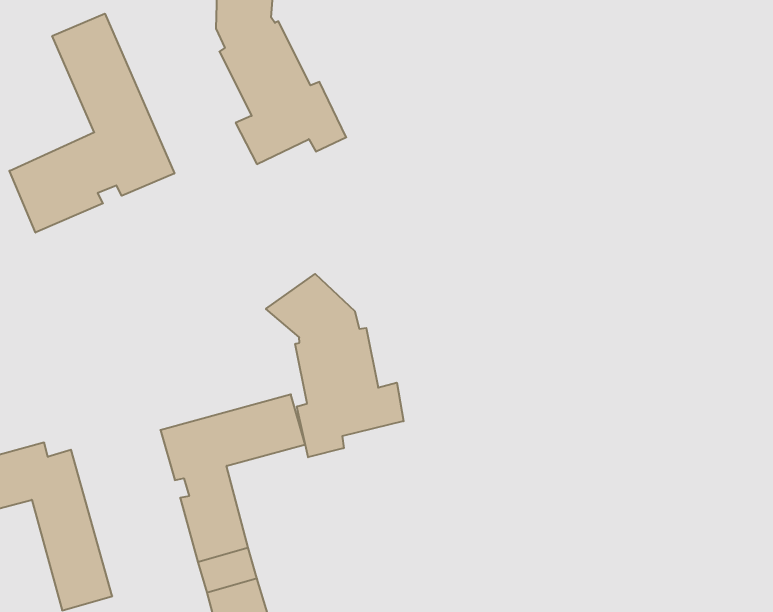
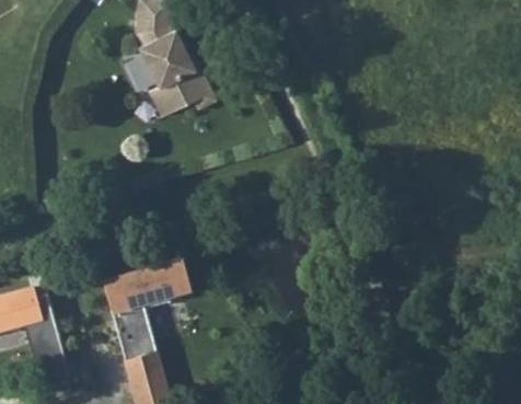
building: [9,14,174,233] -> none
building: [266,274,404,457] -> none

